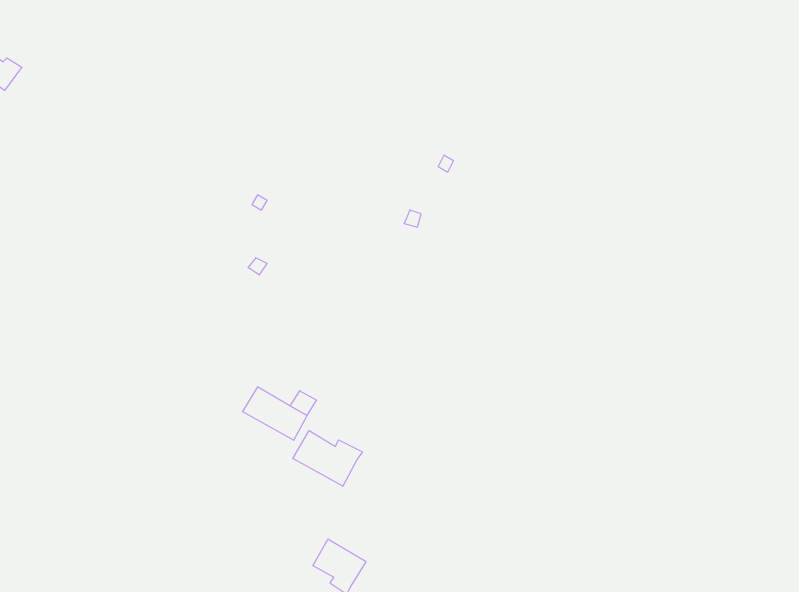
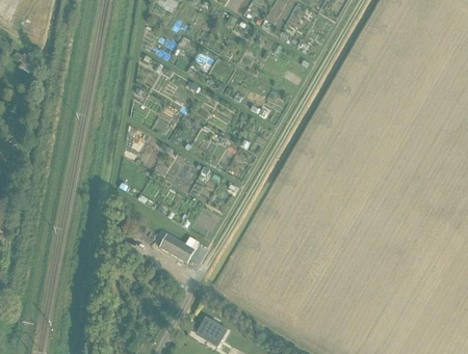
building: [293,431,362,486] -> none

